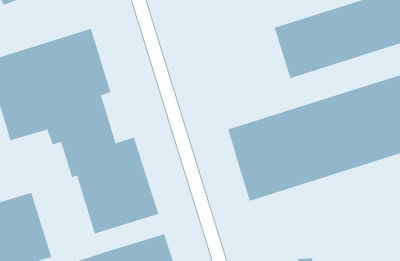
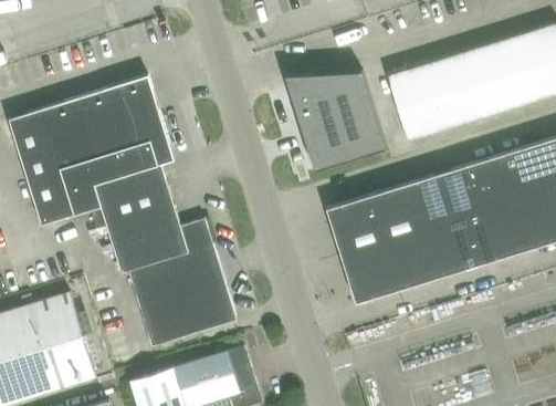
building: none -> [285,71,386,171]

